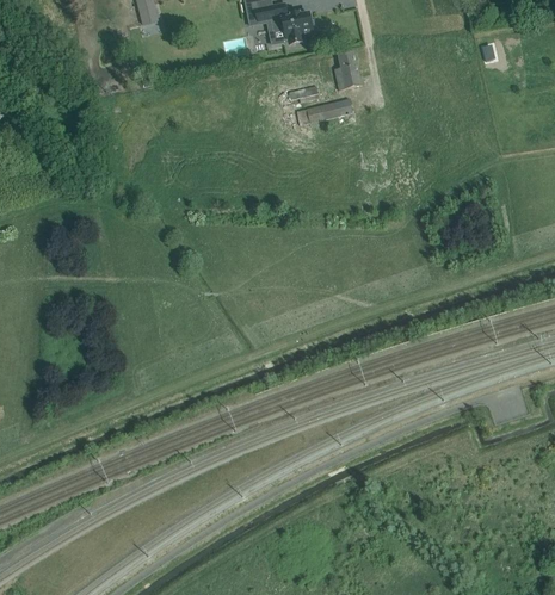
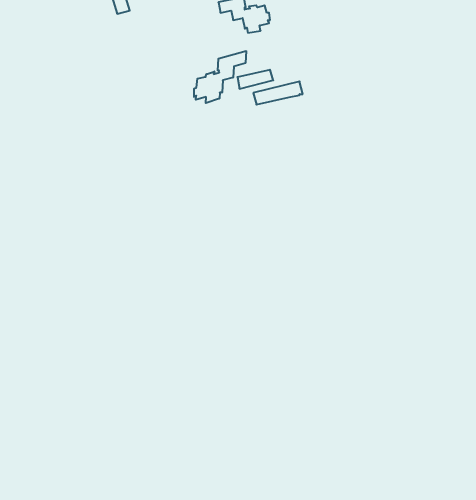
building: [333,51,360,89] -> none
building: none -> [194,51,246,103]

